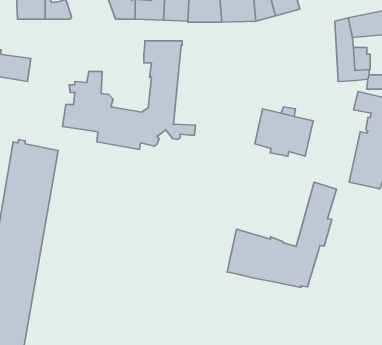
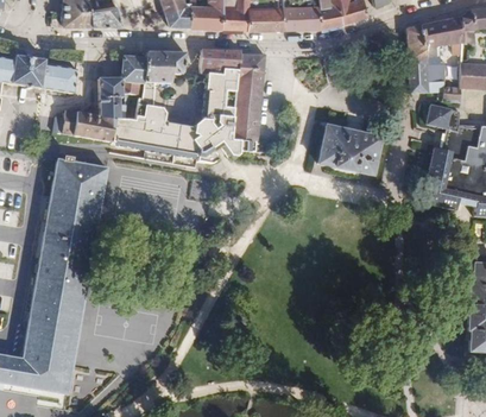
building: none -> [53,51,185,141]
building: none -> [232,53,265,140]
building: [227,182,337,287] -> none

